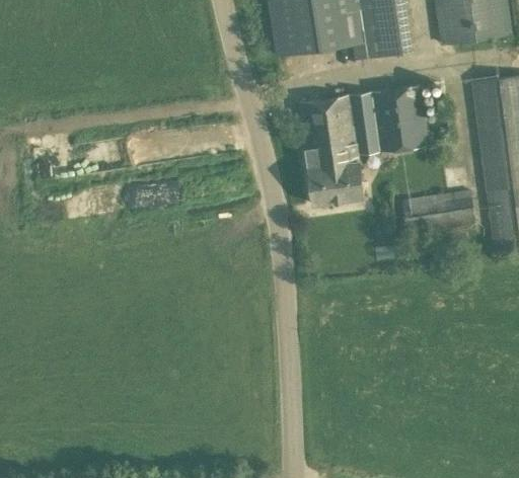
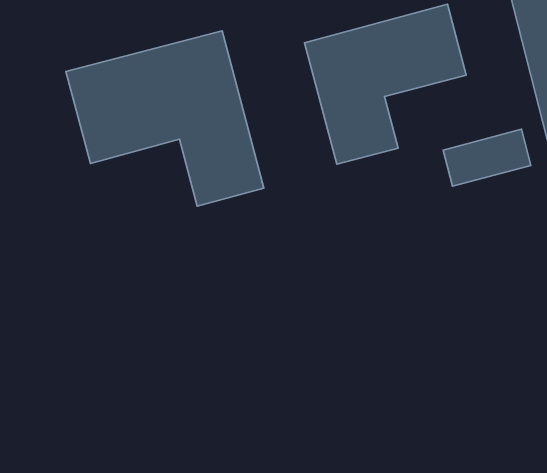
building: none -> [66,31,264,206]

